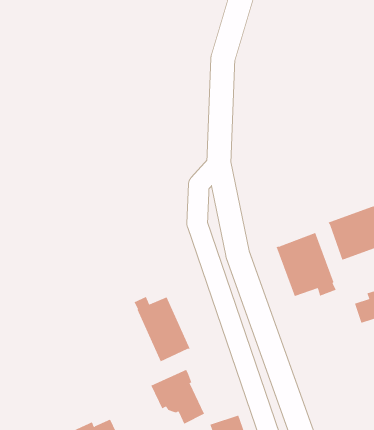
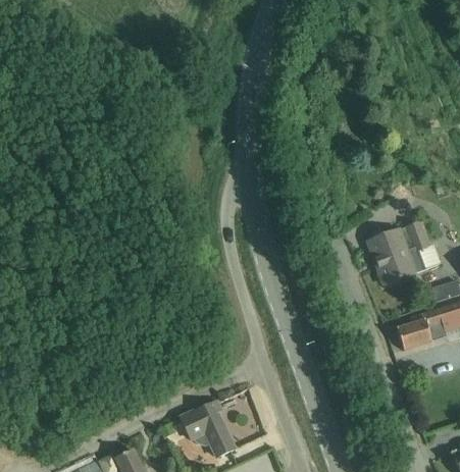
building: [276,232,336,297] -> none
building: [134,296,190,362] -> none

